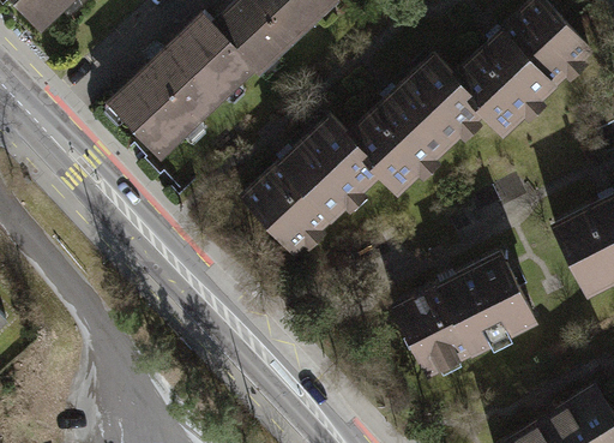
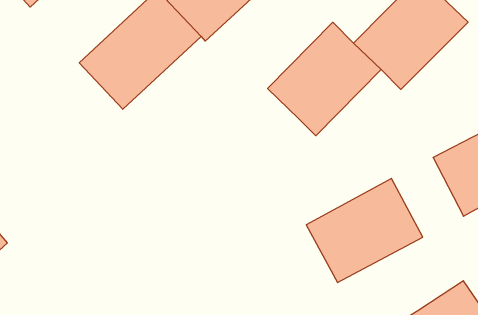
building: [240,114,380,255] -> none

